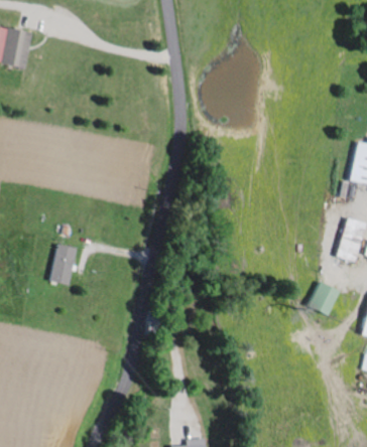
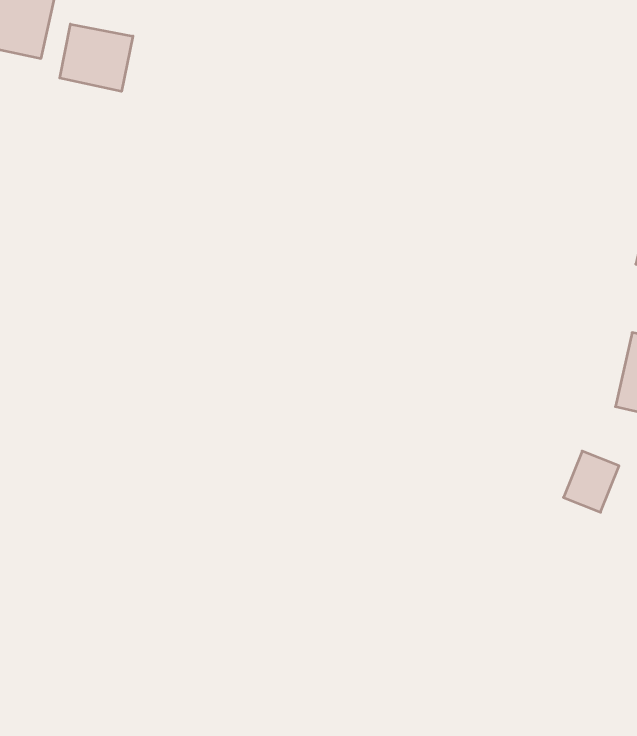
building: none -> [60,24,133,91]
building: [49,244,77,285] -> none

